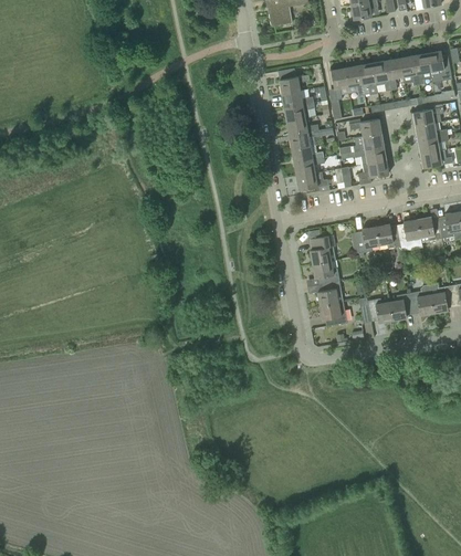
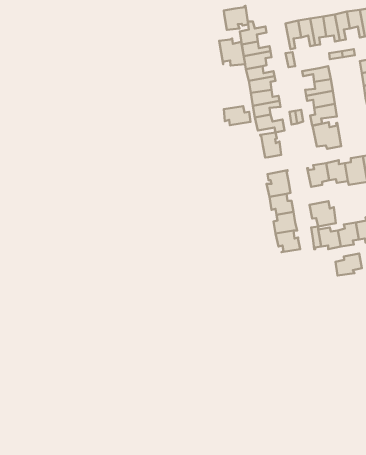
building: none -> [224,6,248,30]
building: none -> [219,39,245,65]
building: none -> [224,106,251,125]
building: none -> [312,122,341,149]
building: none -> [260,132,281,158]
building: none -> [310,201,336,227]
building: none -> [335,254,362,276]

